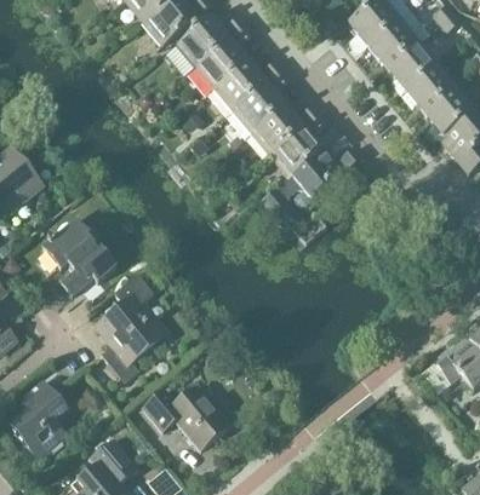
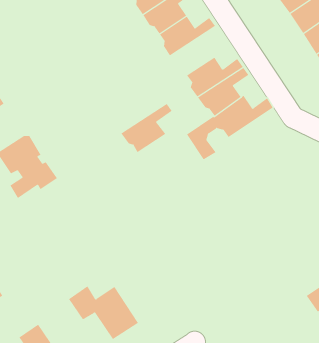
building: [233,69,291,131] -> [121,103,173,153]
building: [97,274,166,382] -> none

